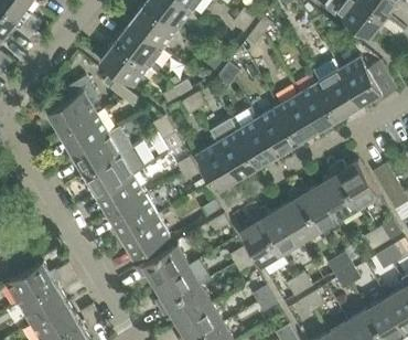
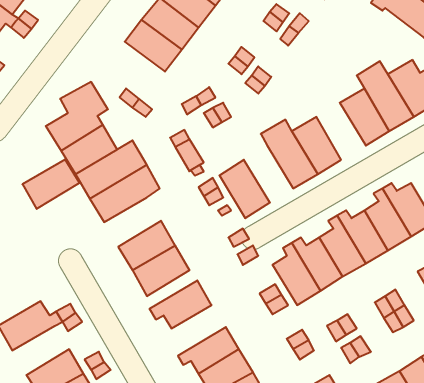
building: [100,42,149,87] -> none
building: [278,94,320,142] -> none
building: [210,119,258,179] -> none
building: [97,174,146,216] -> [22,160,79,209]
building: [154,259,211,309] -> none
building: [19,284,67,326] -> none

